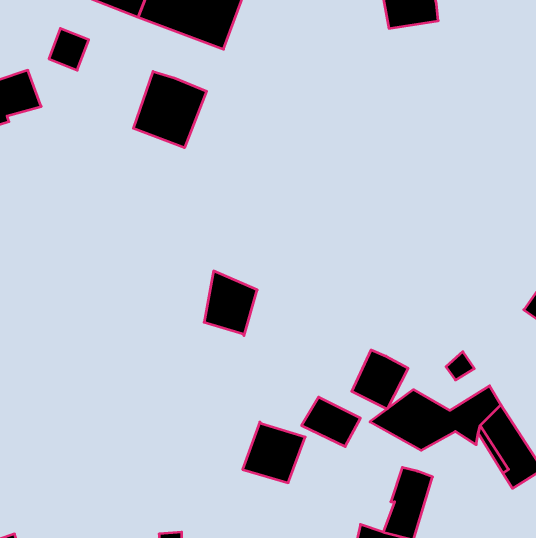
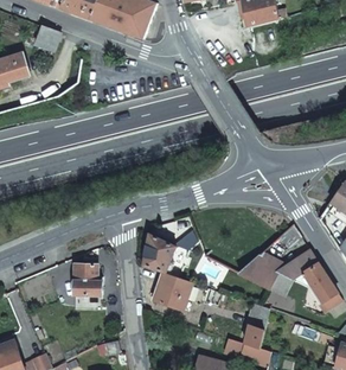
building: [133,71,207,148] -> none
building: [204,271,257,336] -> [142,231,175,272]
building: [352,350,408,409] -> none
building: none -> [76,266,100,296]

